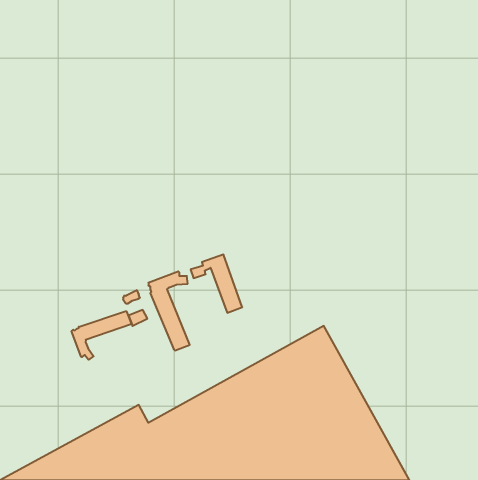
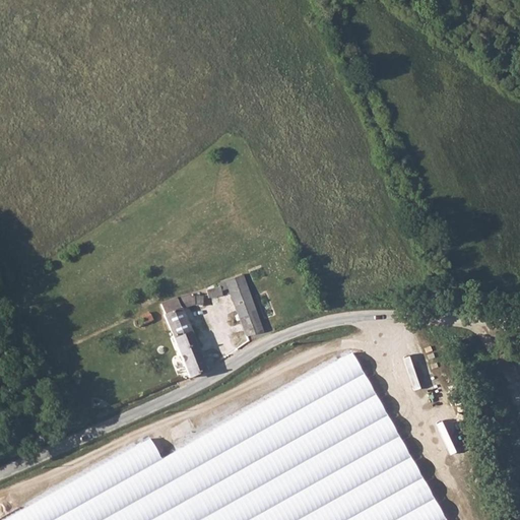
building: [72,311,131,360] -> none

